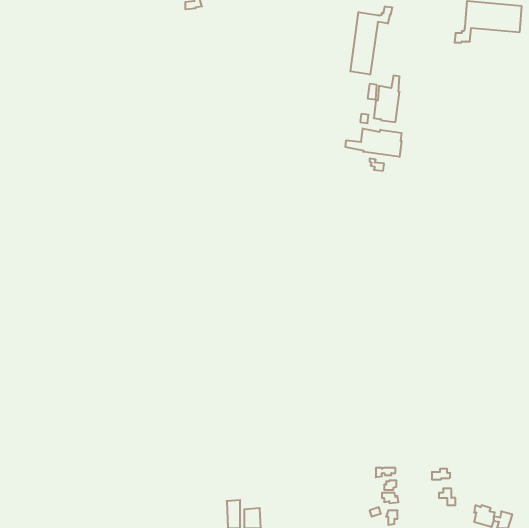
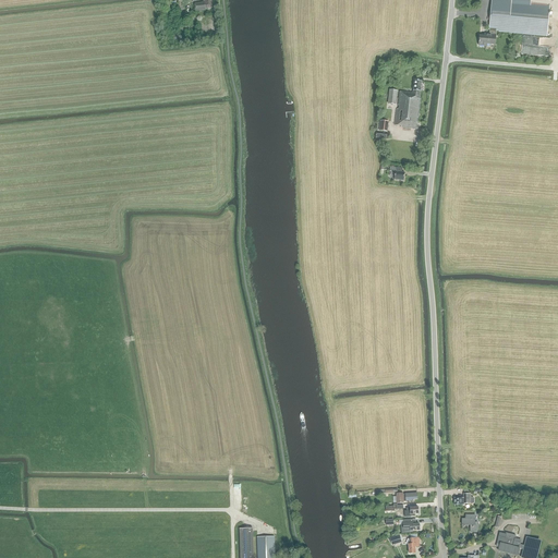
building: [350,6,392,75] -> none
building: [345,128,402,157] -> none

